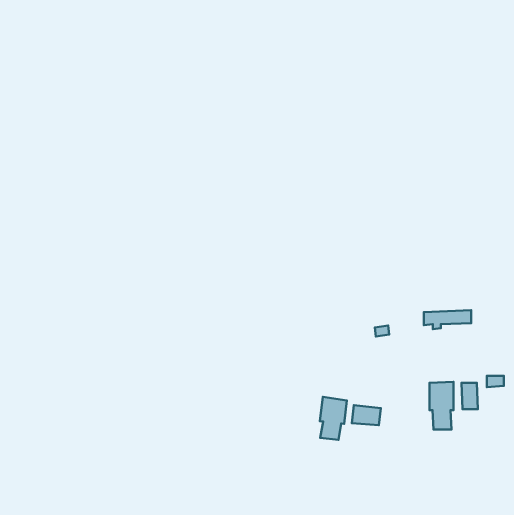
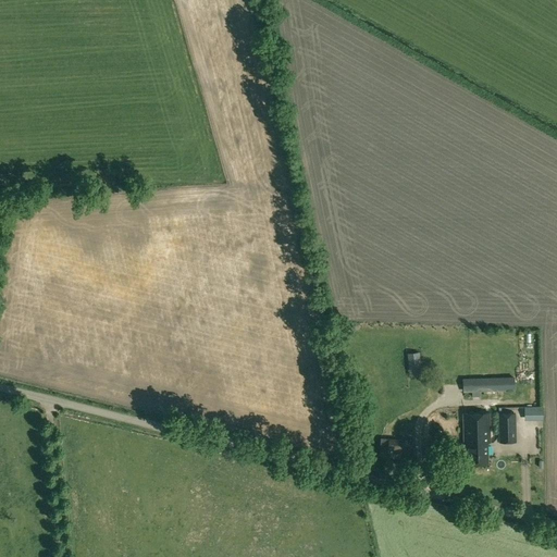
building: [424,310,471,329] -> [463,376,515,397]
building: [320,397,347,440] -> none

